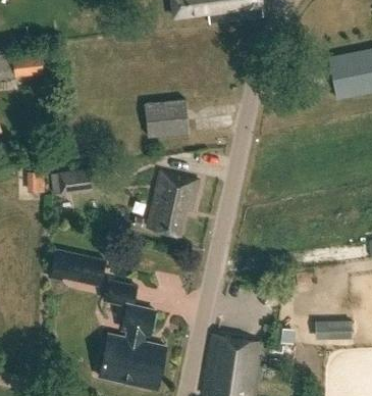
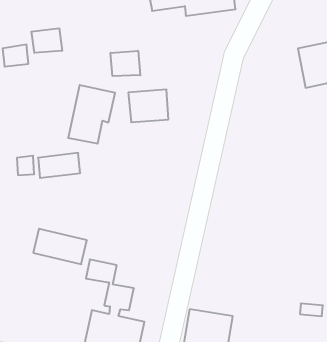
building: none -> [31,28,62,53]
building: none -> [111,51,140,76]
building: [148,174,198,236] -> [68,85,115,144]

